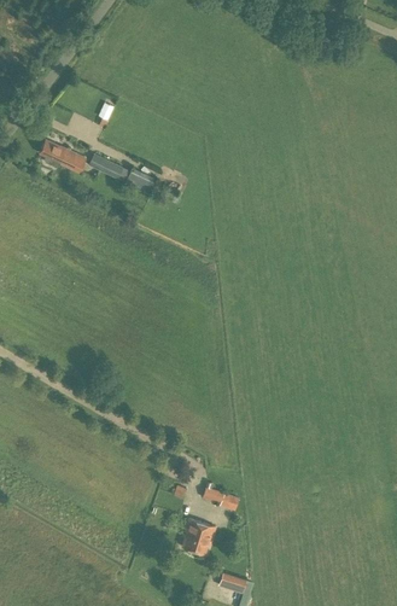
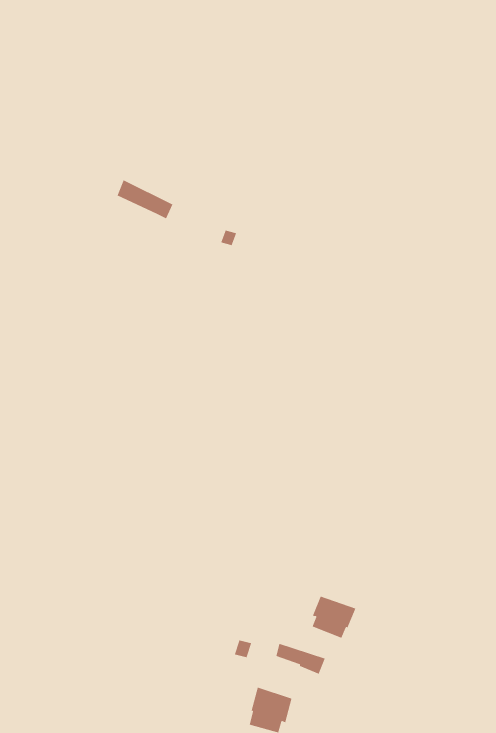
building: [40,139,86,170] -> none
building: none -> [312,595,357,639]

